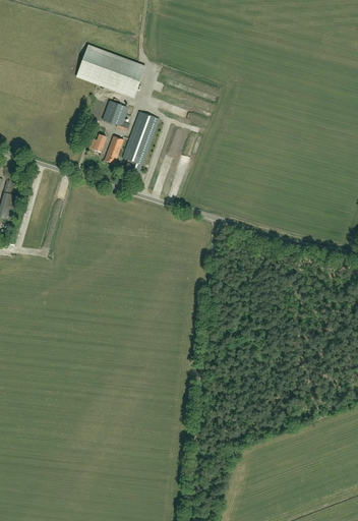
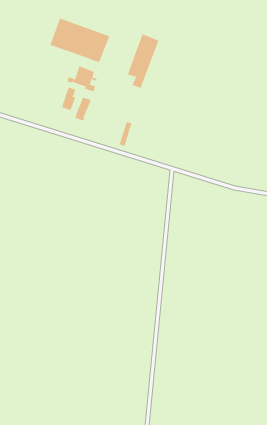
building: [122,111,159,174] -> [127,34,159,89]

